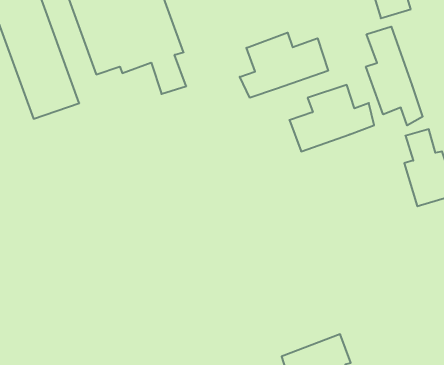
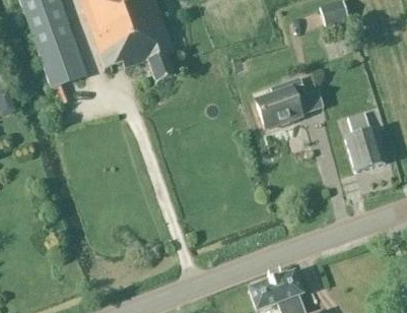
building: [366,27,423,125] -> none
building: [240,33,328,98] -> none

